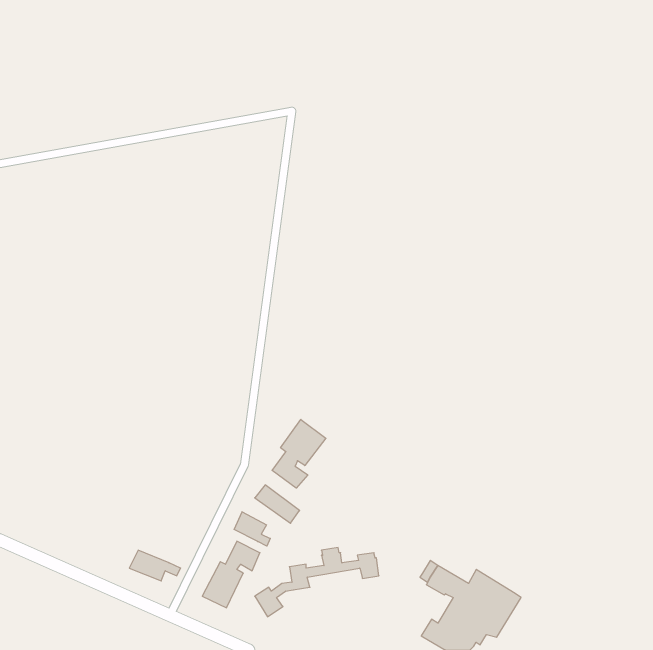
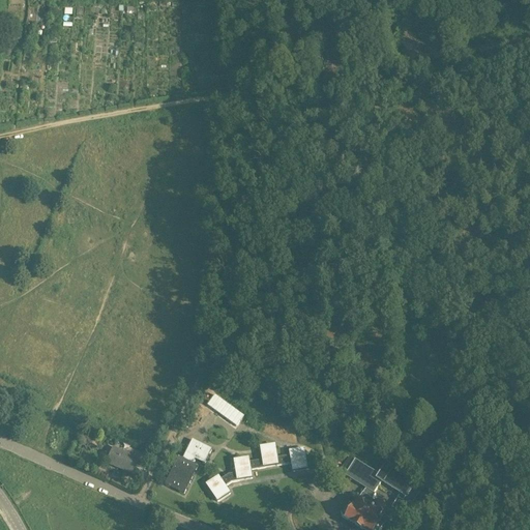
building: [272,419,326,488] -> none
building: [234,512,270,546] -> none

